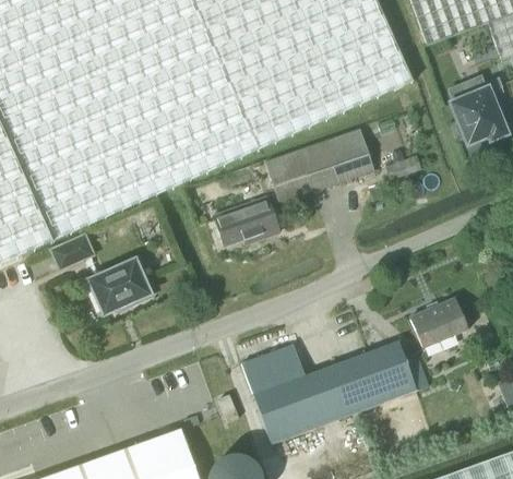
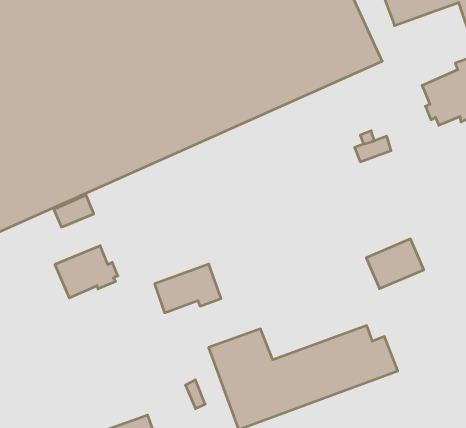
building: [263,129,373,203] -> none
building: [213,197,278,246] -> [155,264,221,313]
building: [51,237,91,268] -> [54,195,94,227]
building: [408,299,465,348] -> [366,239,424,289]

